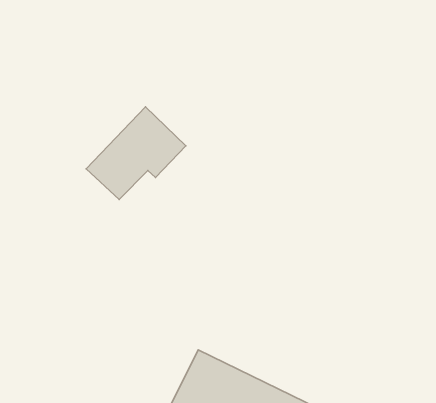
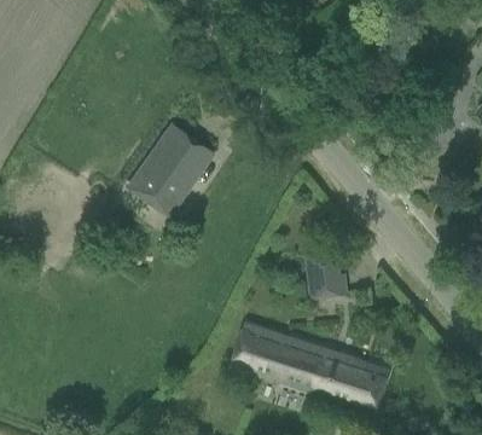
building: none -> [306,254,347,298]

